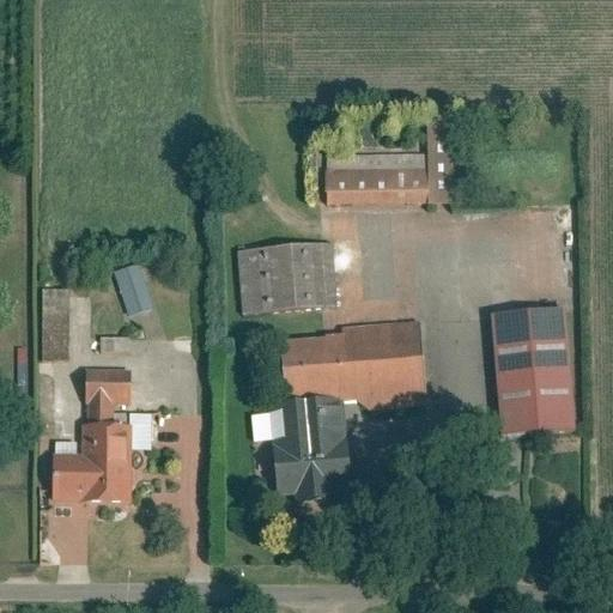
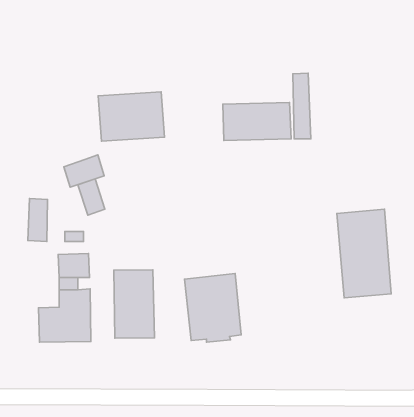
building: none -> [64,155,104,187]
building: [235,243,332,315] -> [98,92,165,141]
building: [285,321,426,407] -> none
building: none -> [114,270,154,338]

